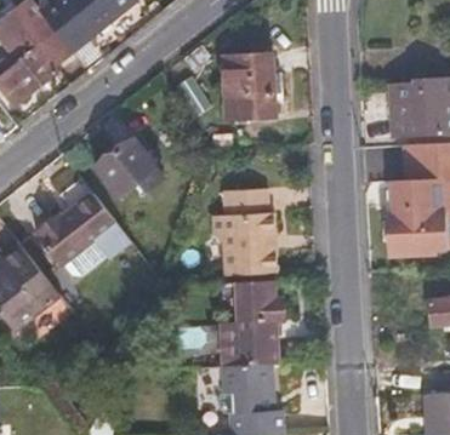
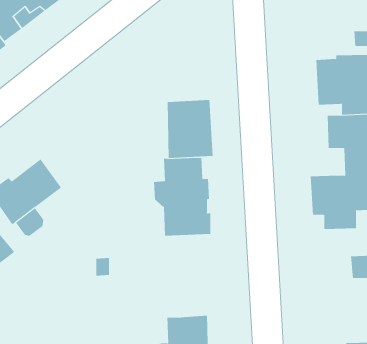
building: [224,56,275,120] -> [167,100,214,158]
building: [93,132,161,193] -> none
building: [224,281,285,366] -> none

